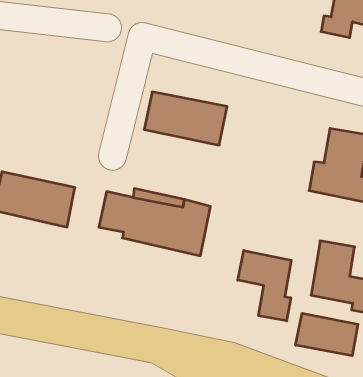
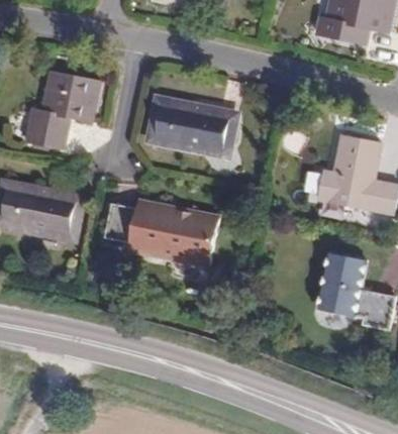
building: none -> [25,72,99,148]
building: [238,250,291,321] -> none
building: [296,313,358,356] -> none

